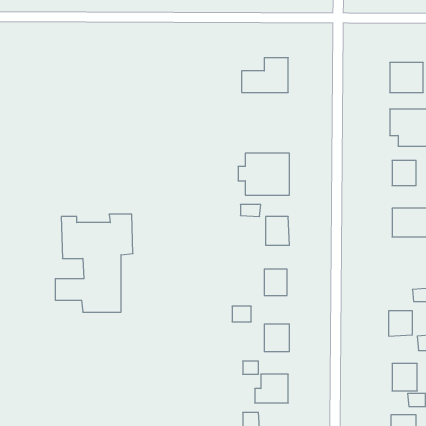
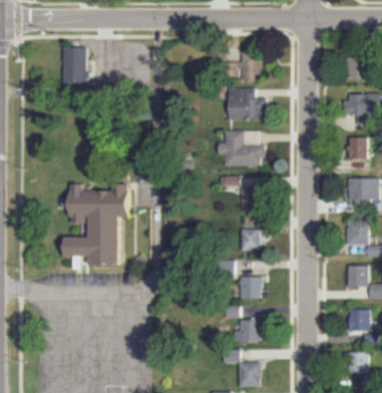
building: none -> [60,46,85,82]
building: none -> [227,88,265,118]
building: none -> [345,220,367,244]

